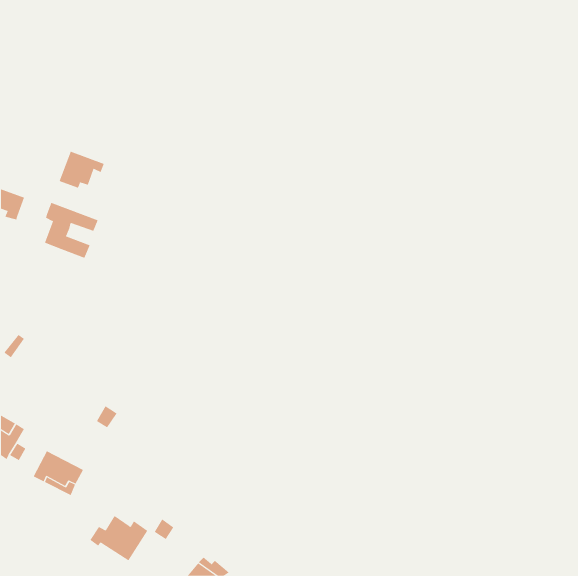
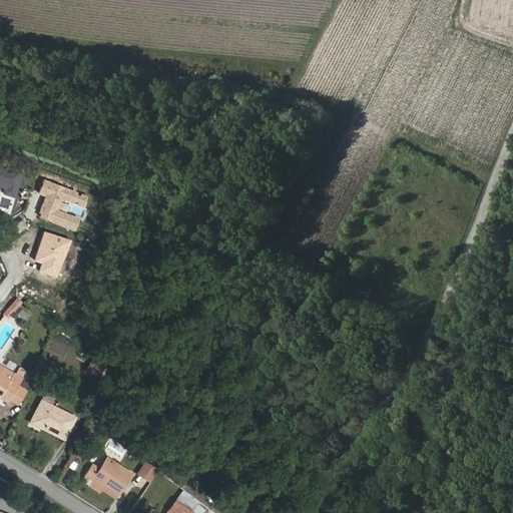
building: [59,151,105,189] -> none
building: none -> [36,231,70,278]

